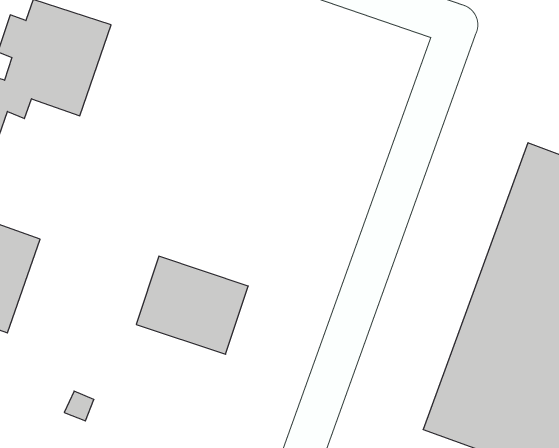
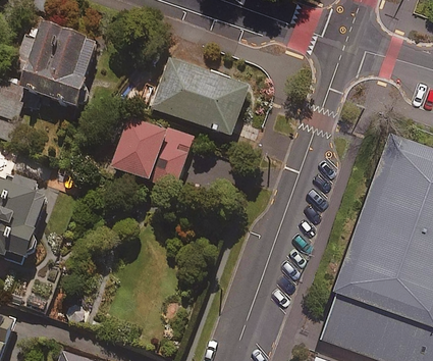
building: none -> [152,56,249,135]
building: [136,256,248,354] -> [111,117,192,188]

